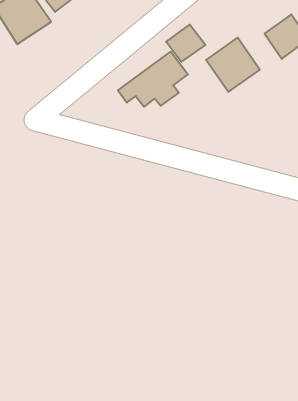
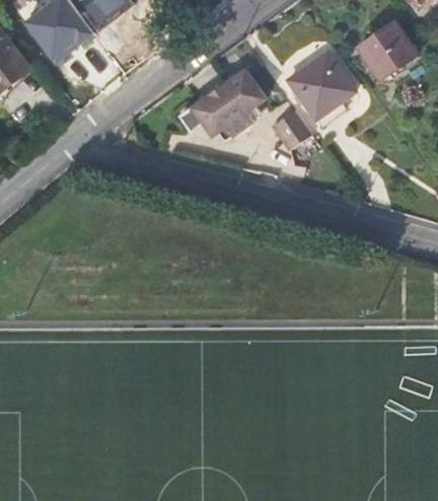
building: [166,25,205,62] -> none
building: none -> [271,110,311,151]

